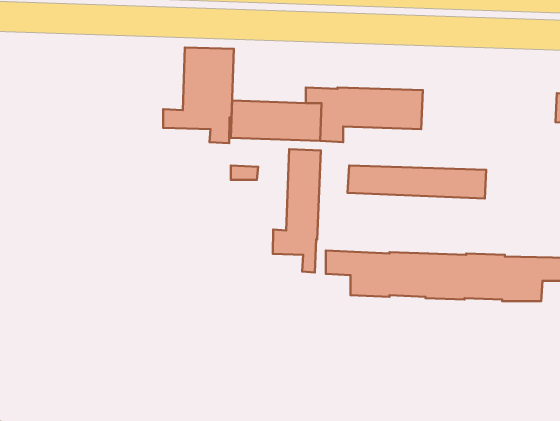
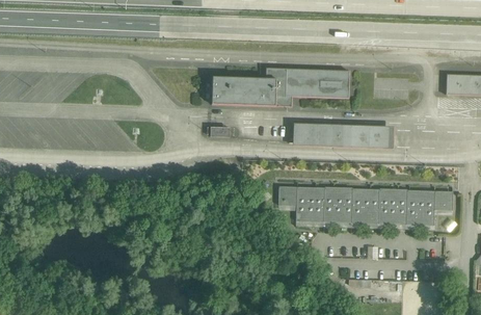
building: [163,48,234,143] -> none
building: [273,149,321,272] -> none

